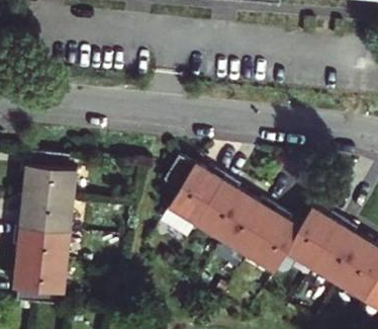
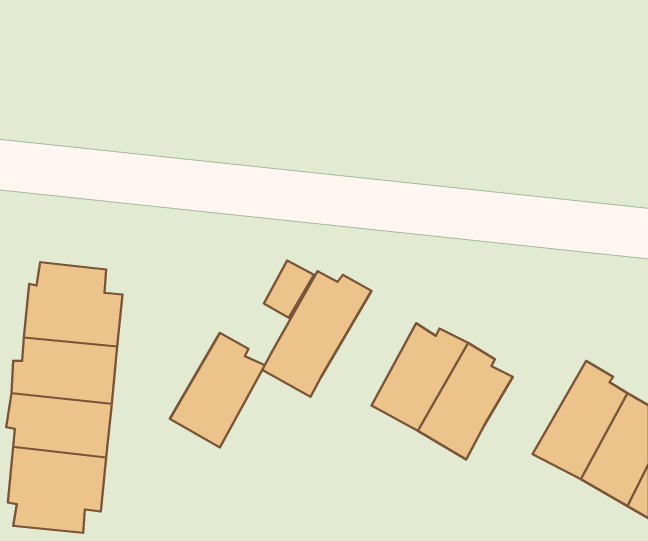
building: [192,177,246,242] -> [170,333,265,448]
building: [284,205,342,269] -> none

